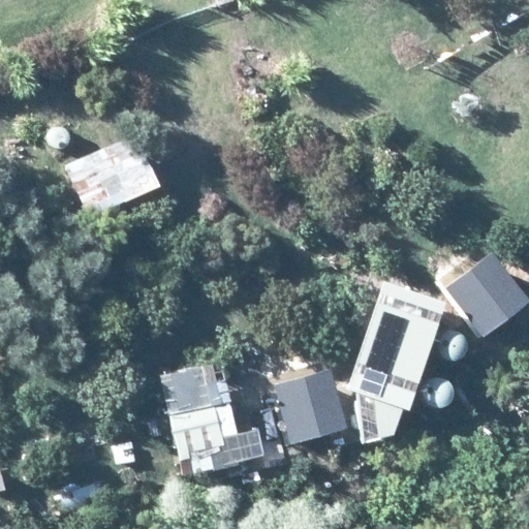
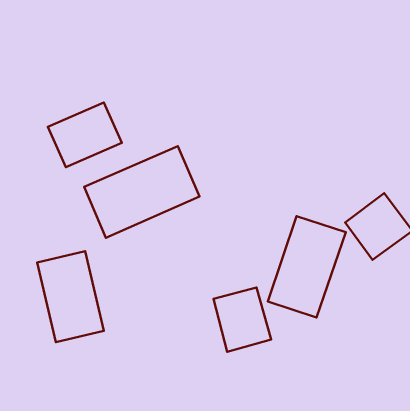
building: none -> [84,146,200,238]
building: [158,366,243,481] -> [37,251,104,342]

